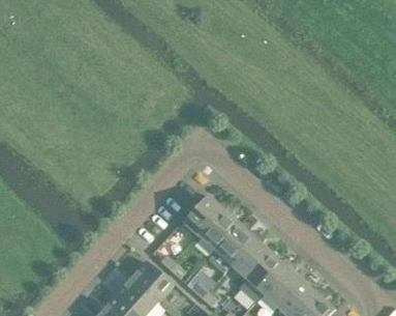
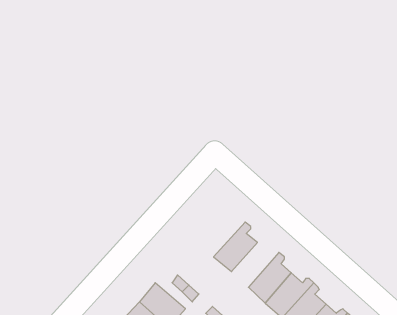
building: [183,196,227,239] -> none
building: [208,224,258,272] -> none

